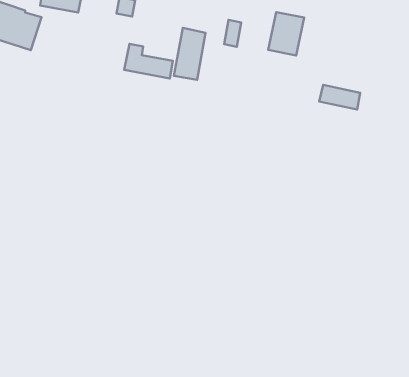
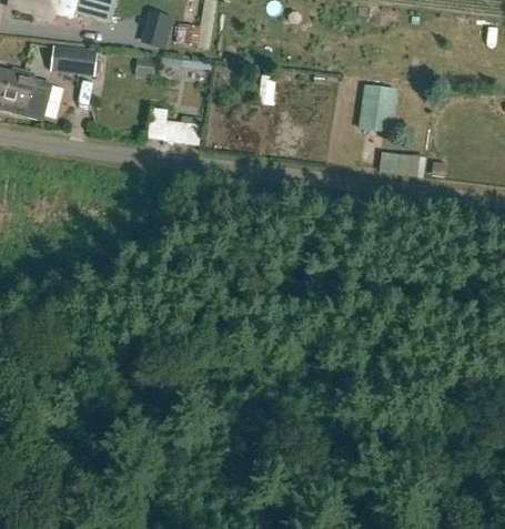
building: [268,12,304,55] -> [358,84,397,132]
building: [174,28,206,80] -> none

